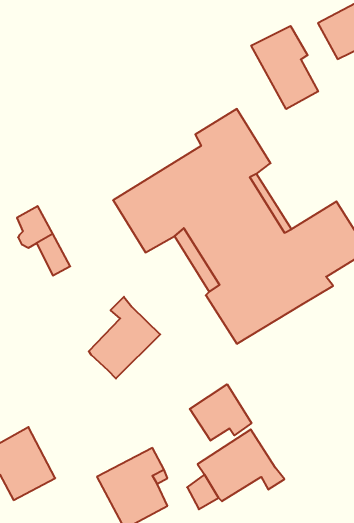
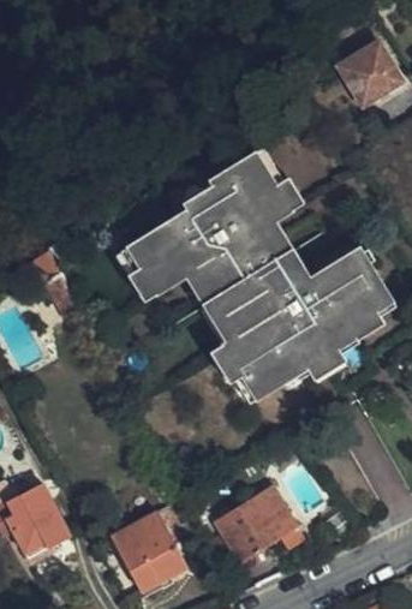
building: [251,26,318,109] -> none
building: [89,297,160,379] -> none
building: [190,384,251,441] -> none

